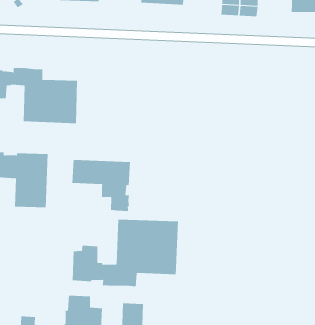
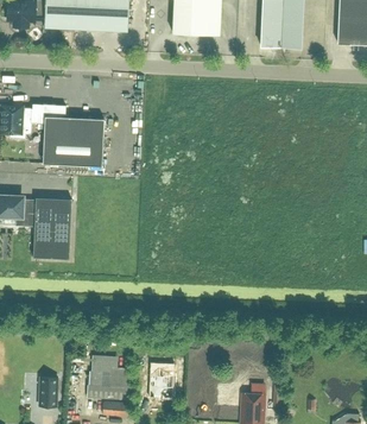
building: [72,159,130,212] -> none
building: [72,219,179,287] -> none

